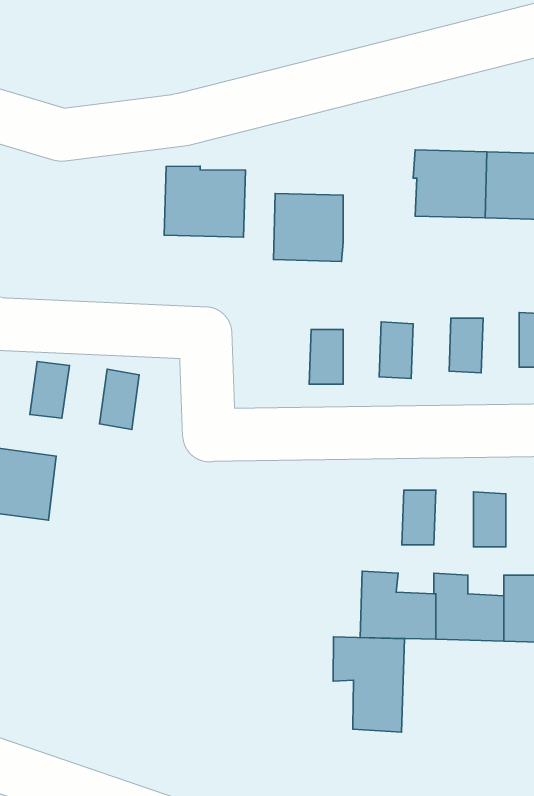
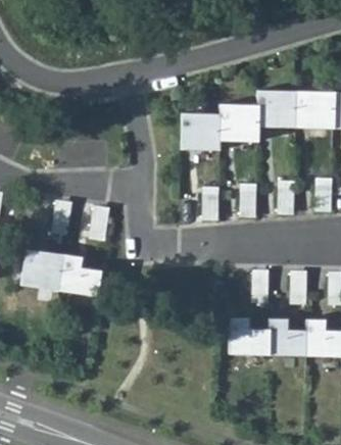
building: [164,166,245,237] -> none
building: none -> [218,104,258,141]
building: none -> [59,255,100,295]
building: [333,637,404,732] -> none

